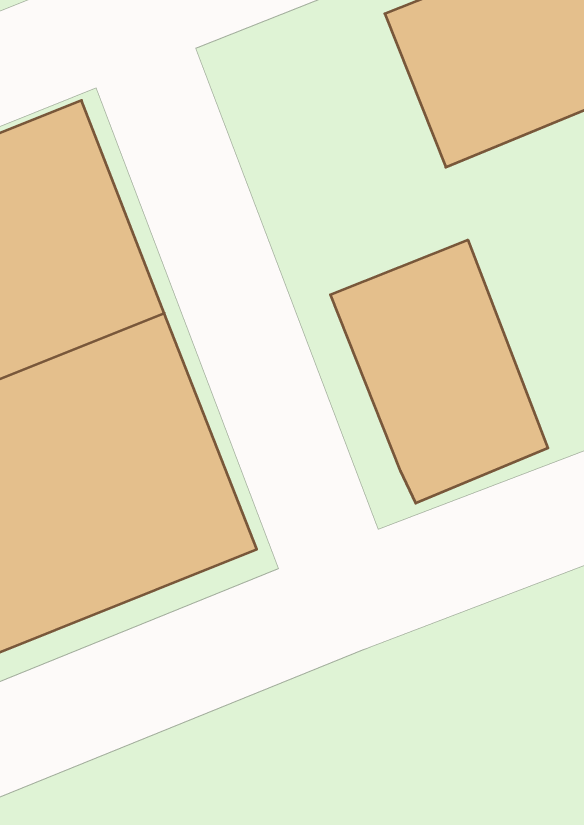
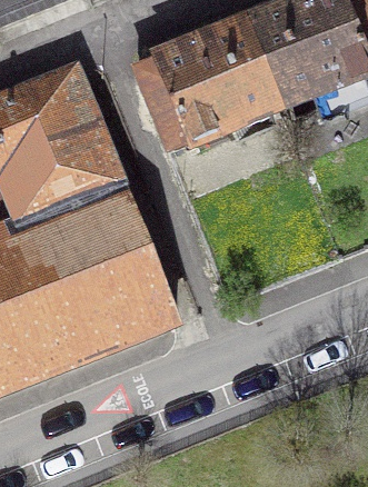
building: none -> [137,14,280,142]
building: [330,240,548,503] -> none

